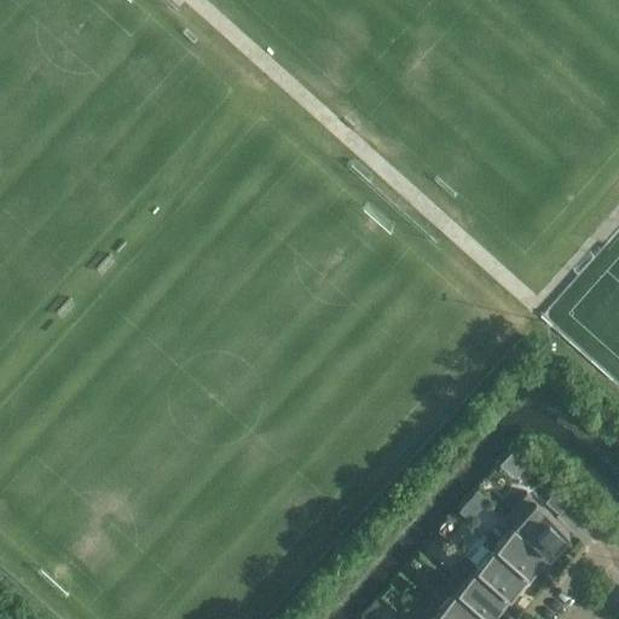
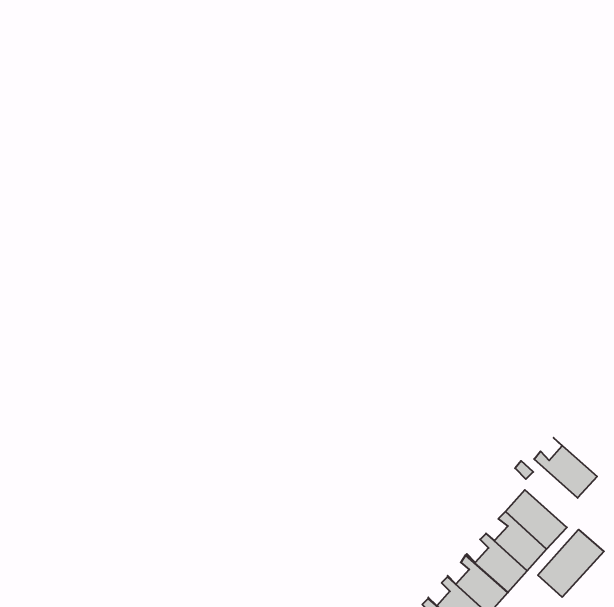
building: none -> [534,438,597,498]
building: none -> [538,530,604,597]

